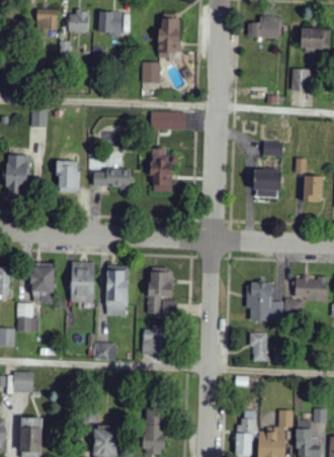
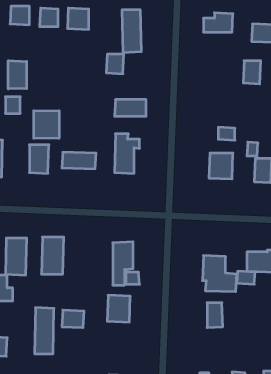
building: none -> [8,61,27,89]
building: none -> [34,111,59,138]
building: [106,265,128,315] -> [35,308,54,354]

